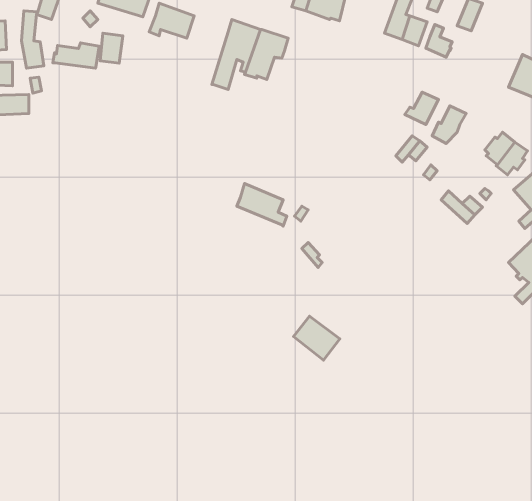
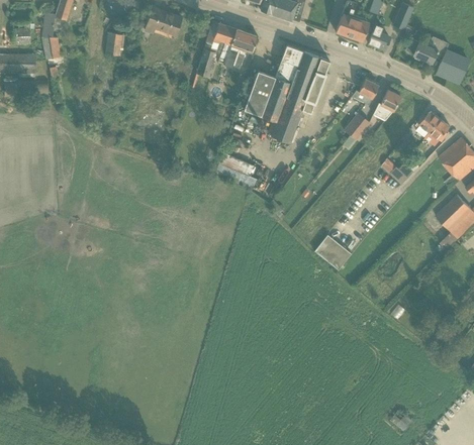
building: none -> [413,34,449,64]
building: [53,43,99,68] -> none
building: none -> [244,44,330,142]
building: [293,316,340,360] -> [314,235,352,270]

